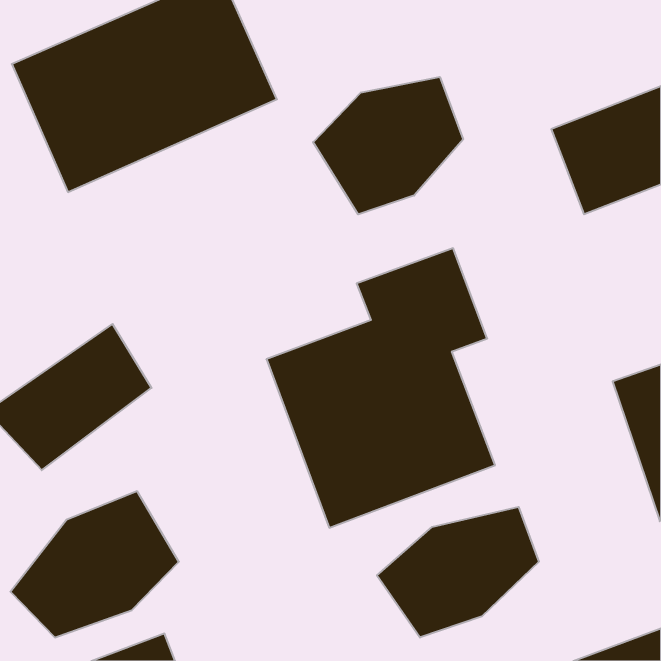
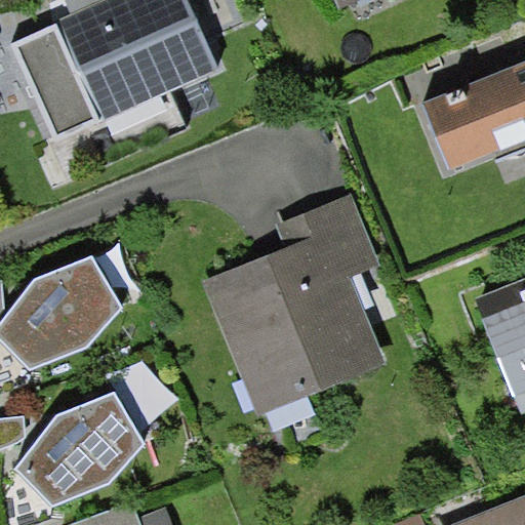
building: [313,77,463,214] -> none
building: [377,507,539,638] -> none

